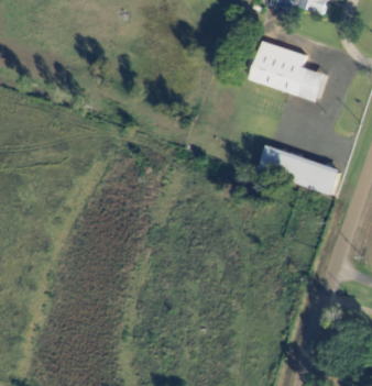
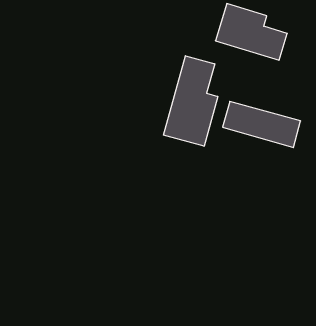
building: none -> [164,56,218,146]

